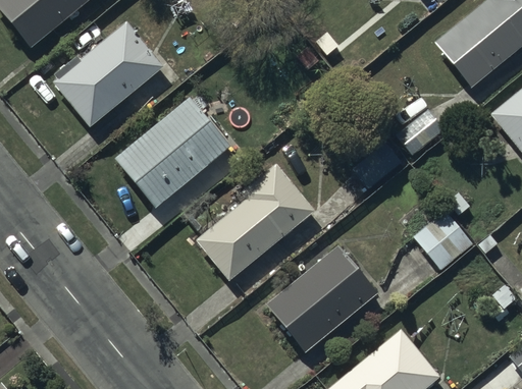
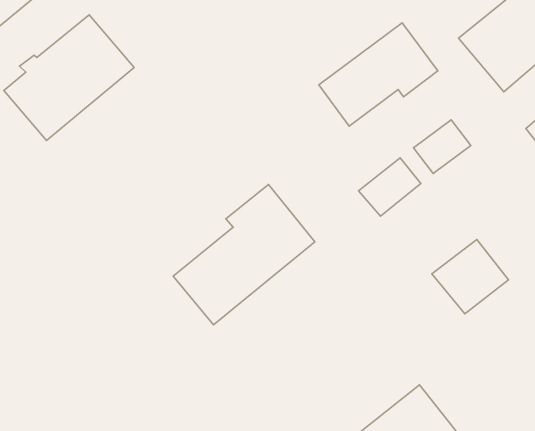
building: none -> [319,23,438,126]
building: [114,94,232,207] -> none
building: [265,246,378,354] -> none

